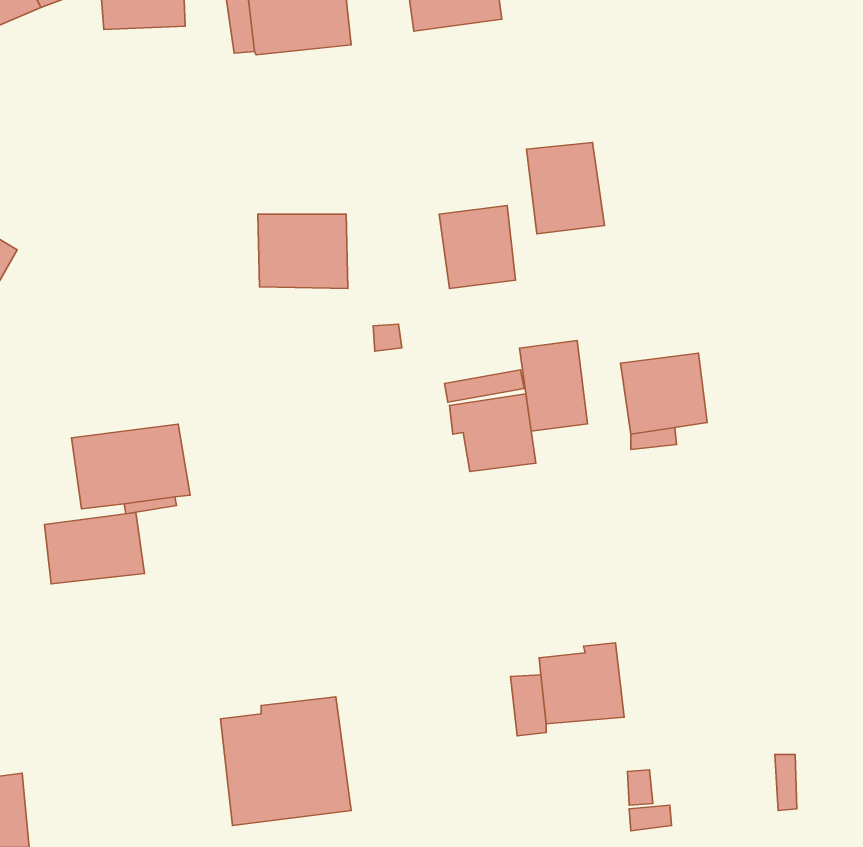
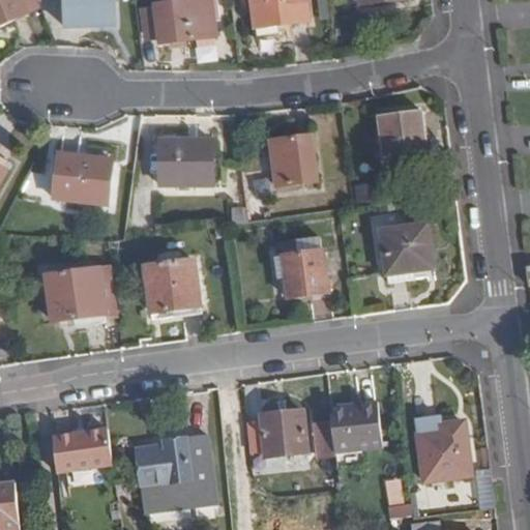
building: [527,142,604,234] -> [379,110,426,166]
building: none -> [53,151,112,203]
building: [520,341,587,431] -> none
building: none -> [144,259,200,311]
building: [44,513,144,584] -> [54,428,115,471]
building: none -> [260,410,307,455]
building: none -> [413,415,471,480]

